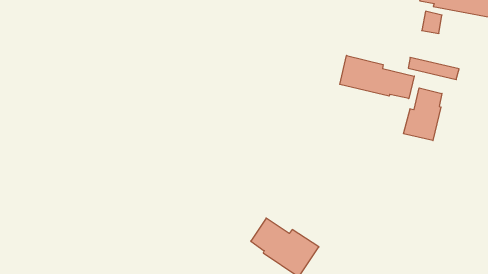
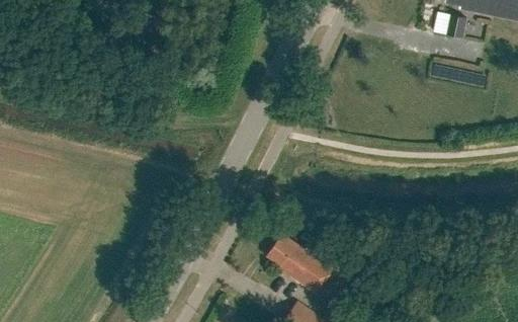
building: [340,55,414,99] -> none
building: [404,88,442,141] -> none

